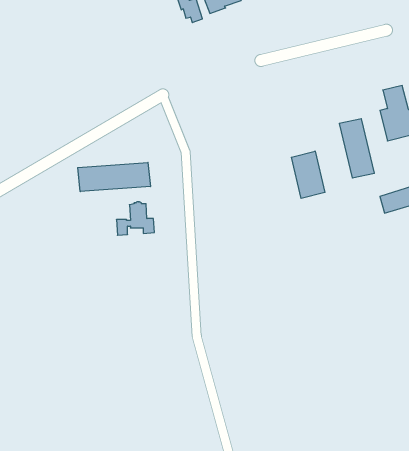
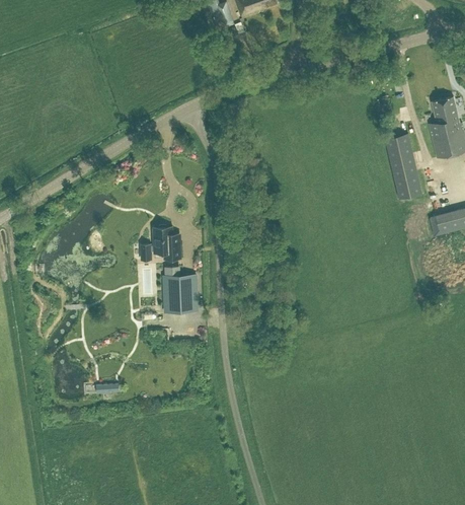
building: [291,151,325,198] -> none
building: [78,162,150,192] -> none
building: none -> [162,267,199,313]

